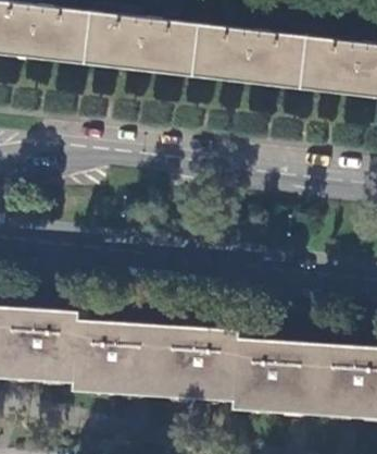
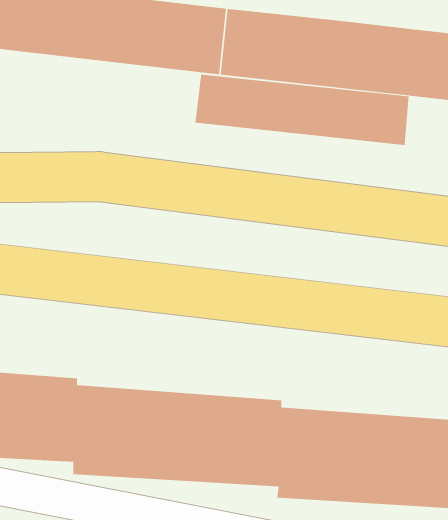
building: none -> [195,74,409,146]

